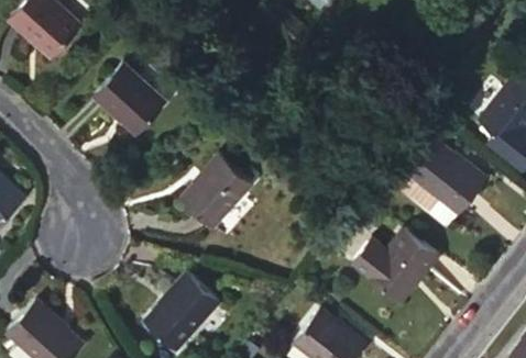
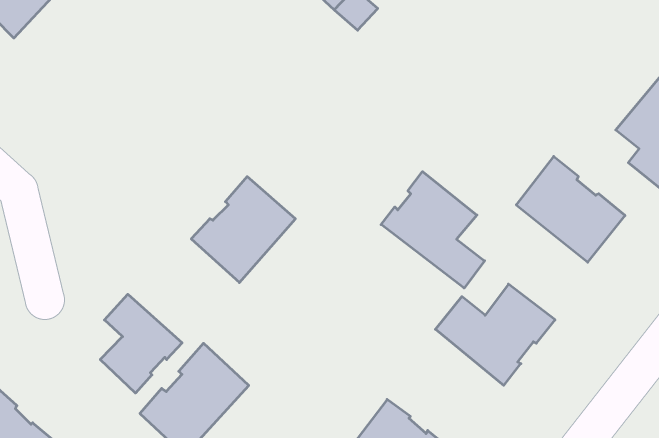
building: [95,61,167,134] -> none
building: none -> [381,172,485,288]
building: none -> [100,294,182,393]

